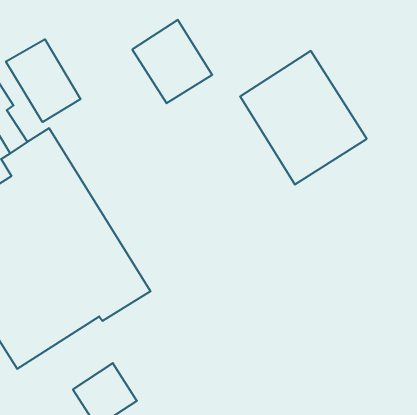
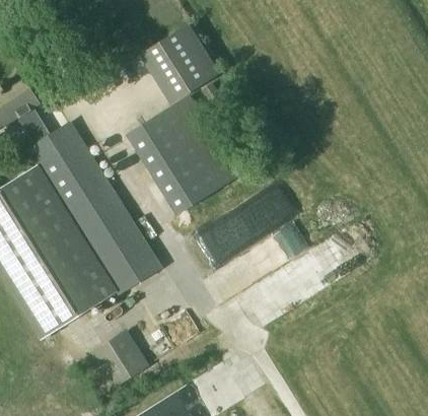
building: [6,39,80,122] -> none
building: [240,51,367,184] -> [128,95,240,214]

